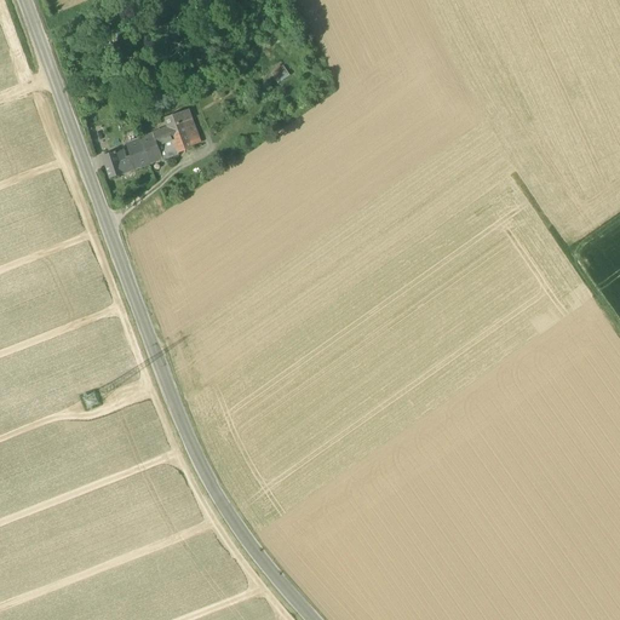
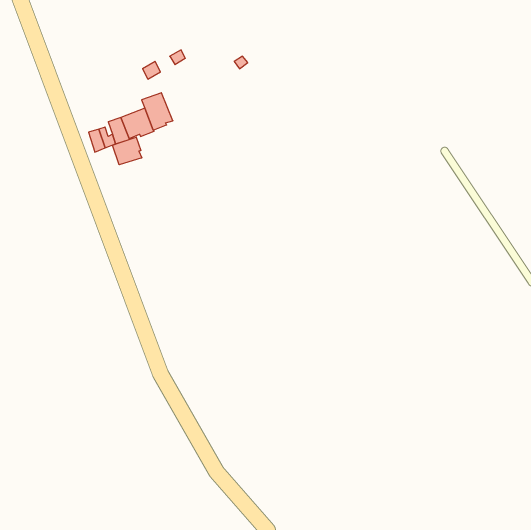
building: none -> [113,137,142,165]

